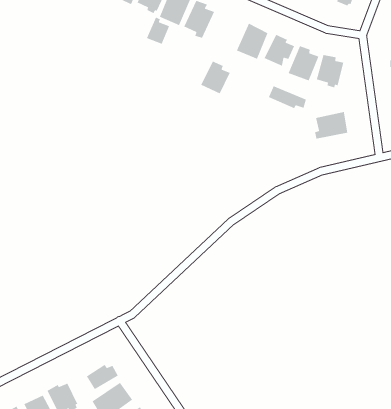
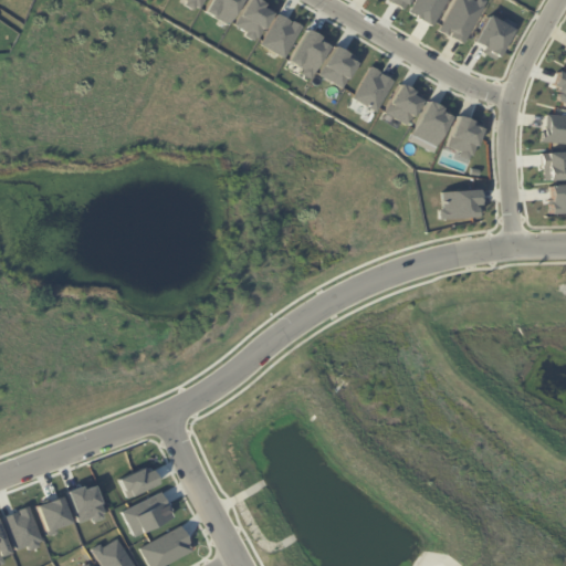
building: [146,16,170,45] -> none
building: [200,60,231,94] -> [321,44,360,87]
building: [268,85,307,109] -> none

